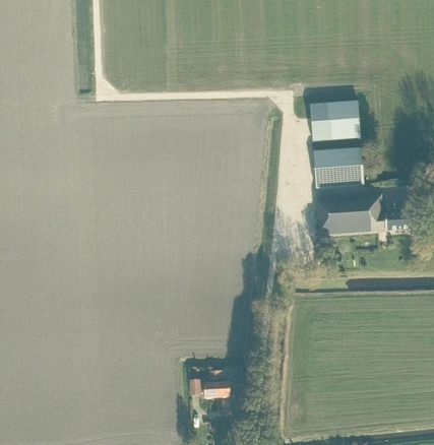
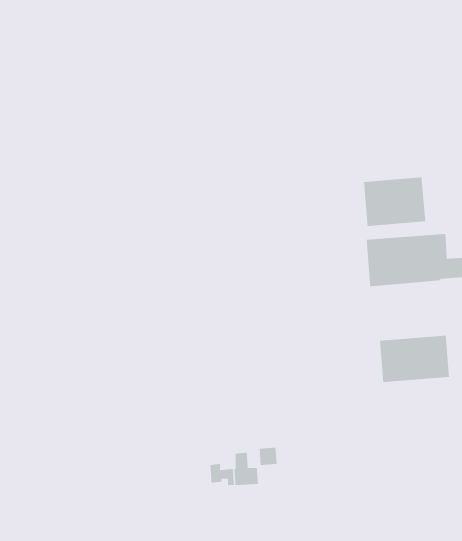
building: [309,100,361,140] -> none
building: none -> [379,335,450,383]

